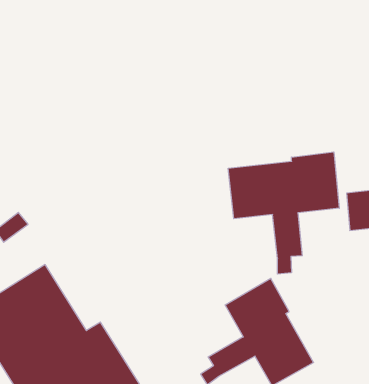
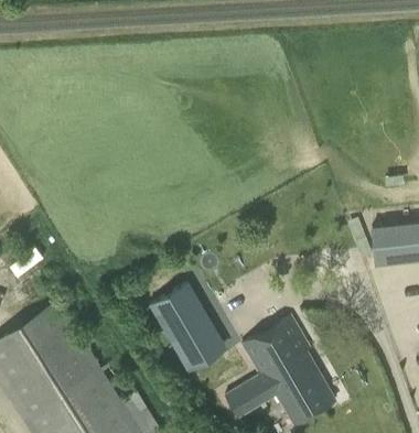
building: [228,152,339,274] -> none
building: none -> [151,283,215,370]

